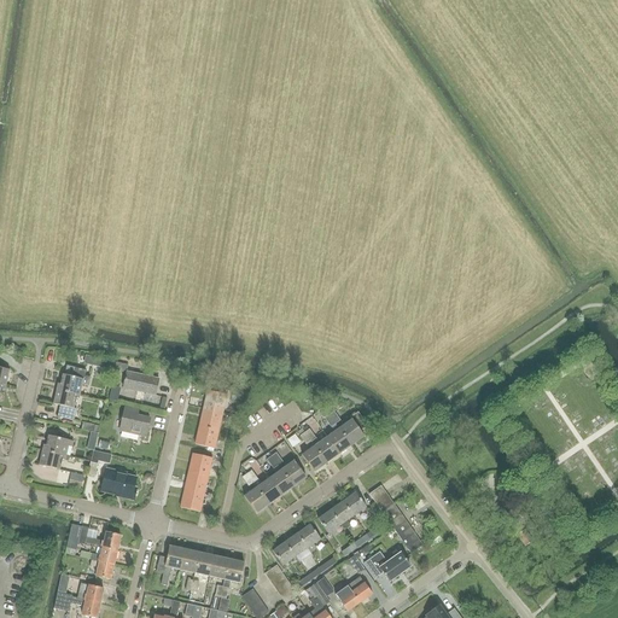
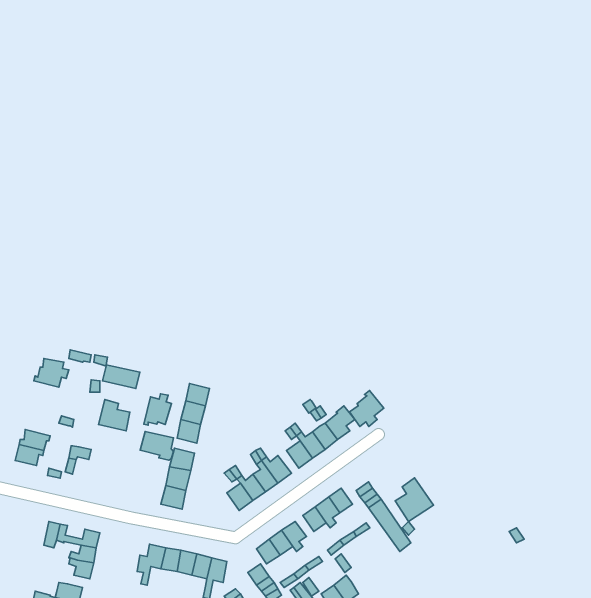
building: [53,386,81,419] -> none
building: none -> [349,391,384,426]
building: none -> [144,394,171,425]
building: [104,470,136,497] -> [140,432,174,460]
building: none -> [395,478,433,522]
building: [363,549,410,579] -> none

